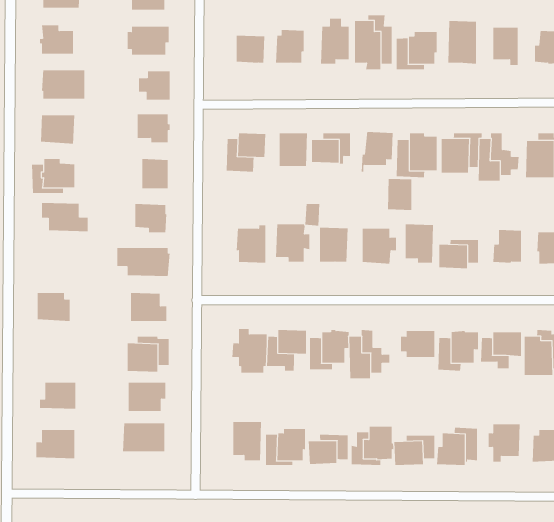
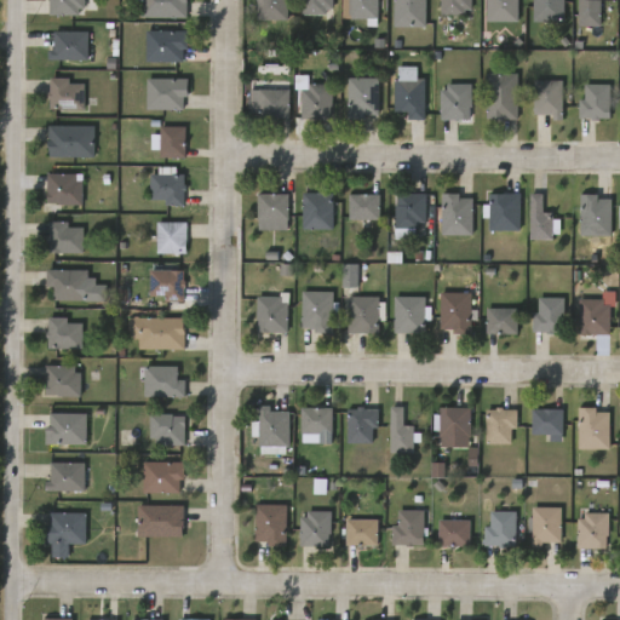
building: [387,178,412,211] -> none
building: none -> [45,316,81,349]
building: none -> [44,412,85,443]

